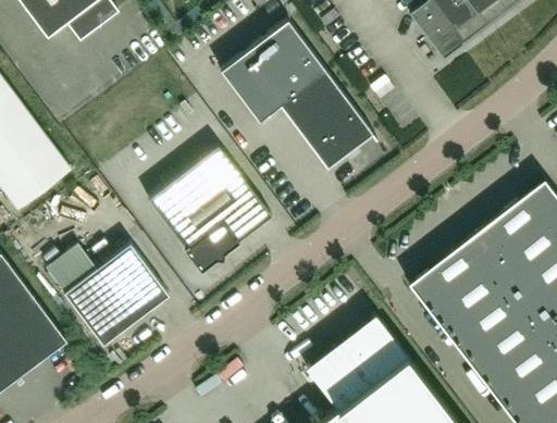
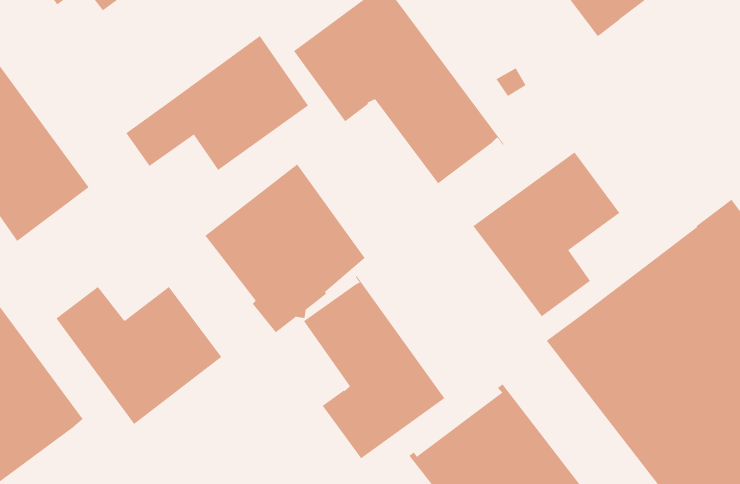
building: none -> [126,35,309,171]
building: none -> [472,151,620,317]
building: none -> [303,275,445,459]

